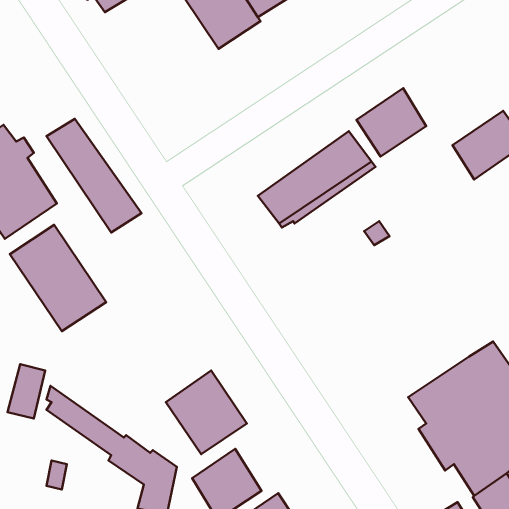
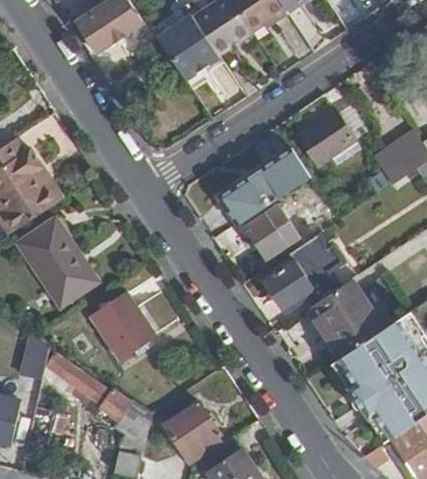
building: [47,119,142,232] -> none
building: none -> [244,202,289,258]
building: none -> [263,235,343,311]
building: none -> [316,278,387,357]
building: [166,370,247,454] -> [90,293,156,360]

